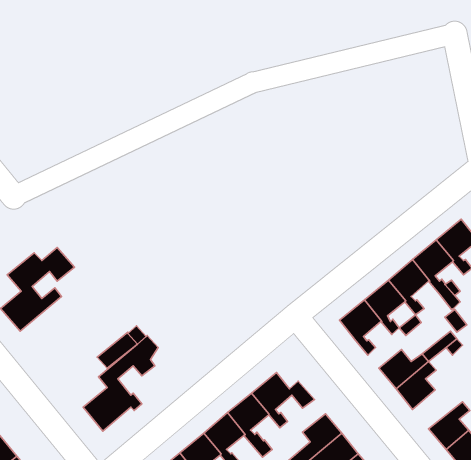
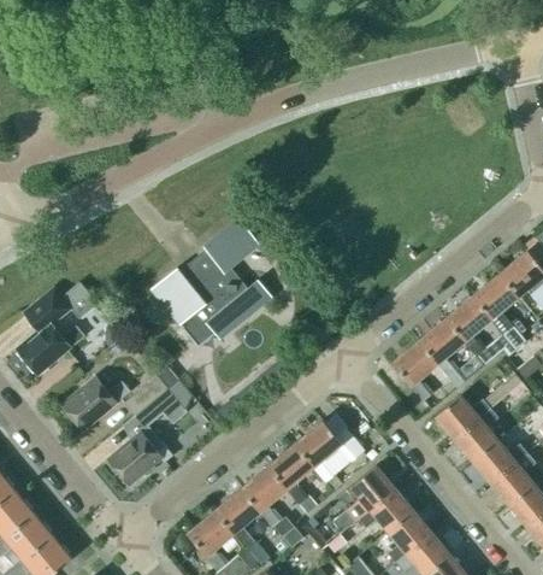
building: none -> [152,218,273,348]
building: none -> [63,376,130,430]
building: none -> [473,440,529,483]

